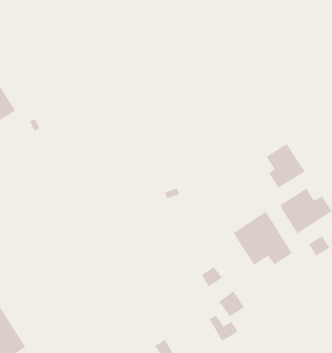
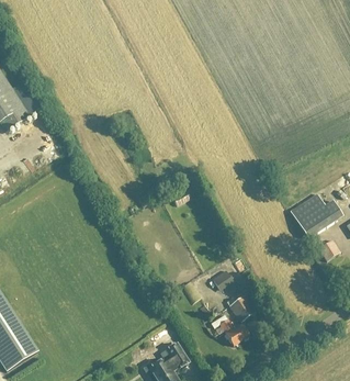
building: [266,143,306,189] -> none
building: [233,211,292,266] -> none

